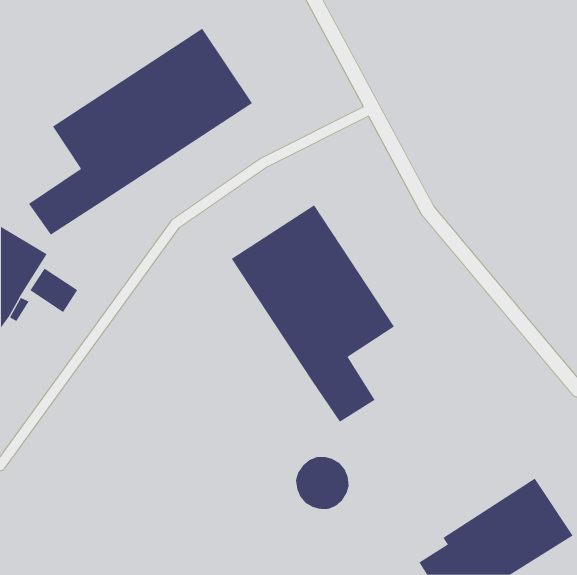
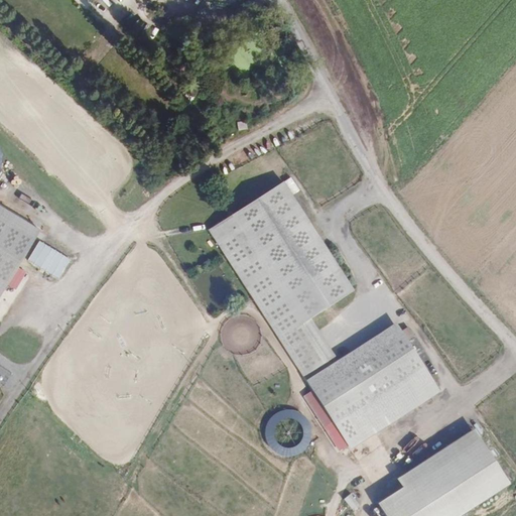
building: [28,28,253,235] -> none
building: none -> [307,324,440,447]

